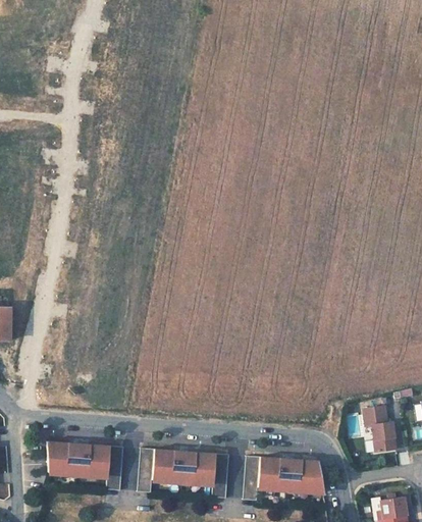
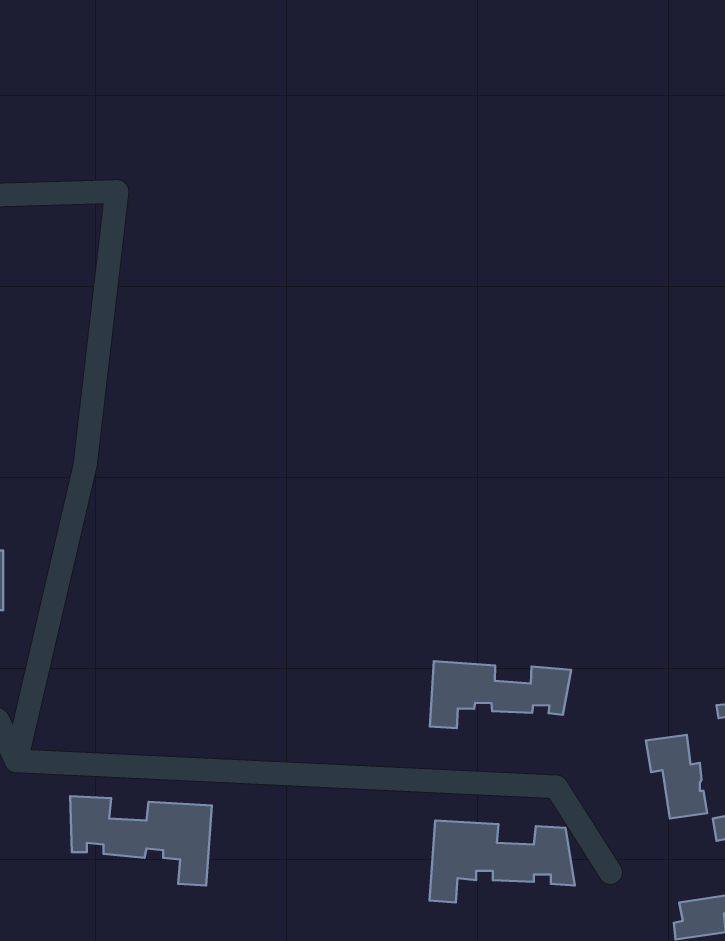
building: none -> [430,661,571,728]
building: [138,448,230,498] -> none

